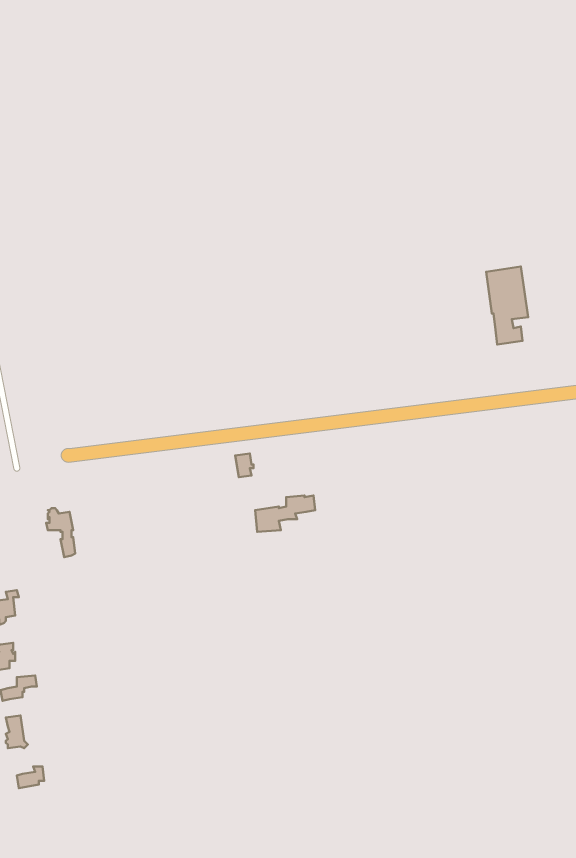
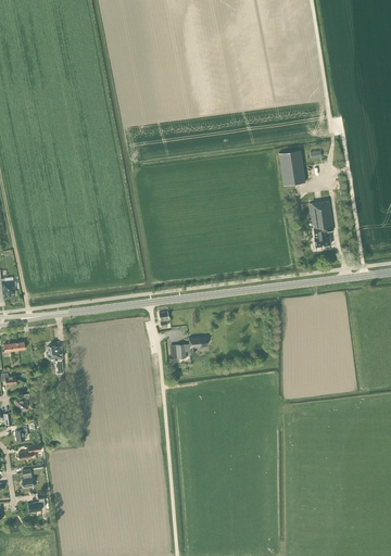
building: none -> [279,149,305,184]

